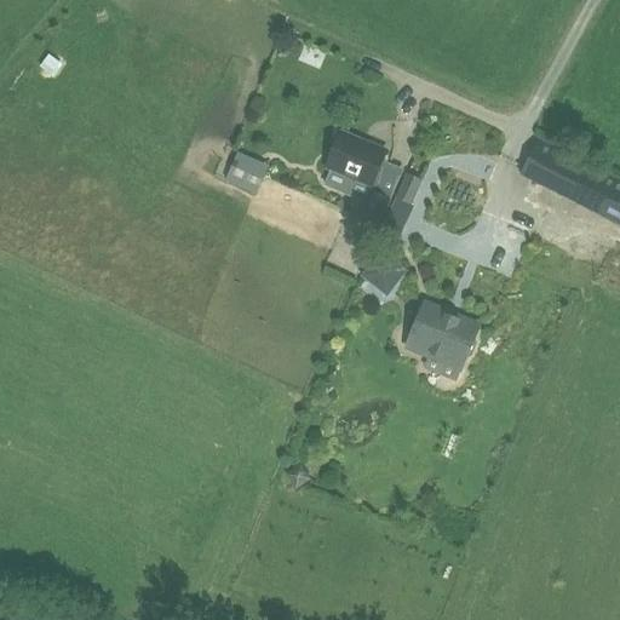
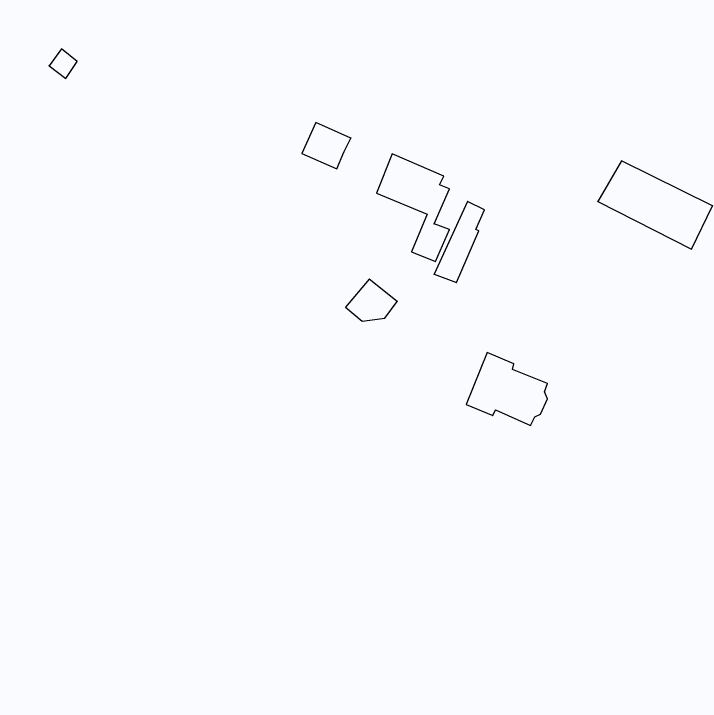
building: [225,150,268,190] -> [302,123,351,169]
building: [362,253,407,289] -> [346,279,397,321]

